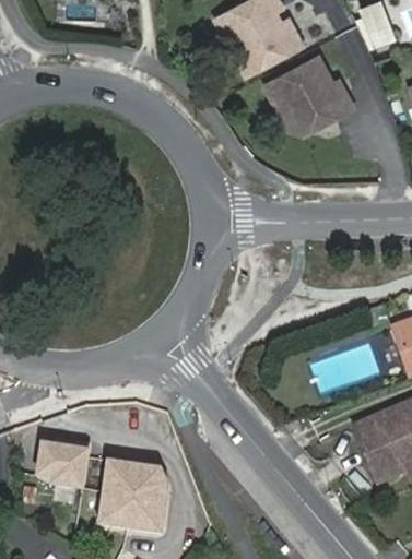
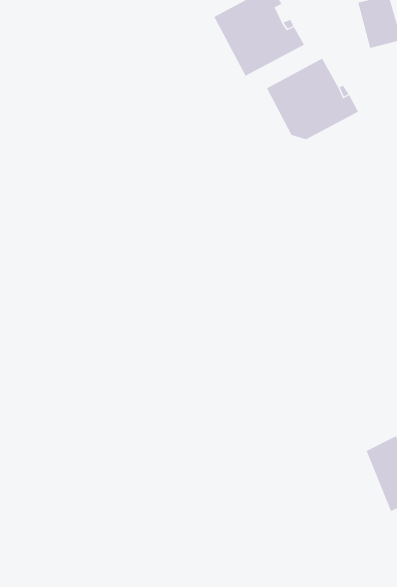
building: [31,438,84,485] -> none
building: [98,457,168,530] -> none

